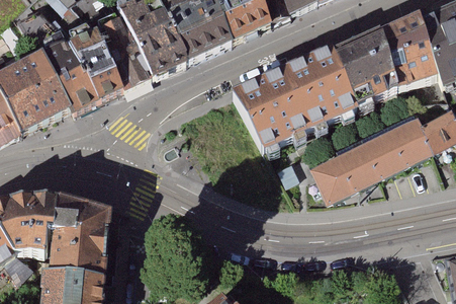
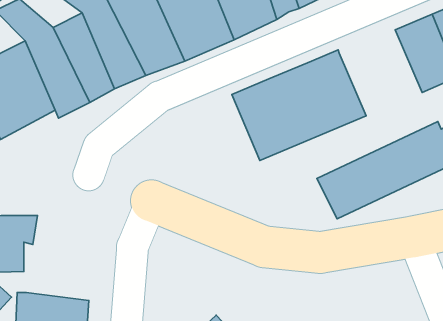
building: [331,31,405,109] -> none
building: [48,200,111,277] -> none

